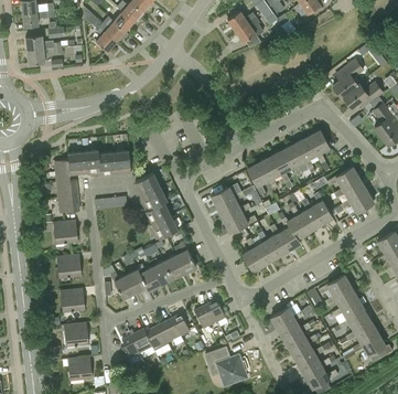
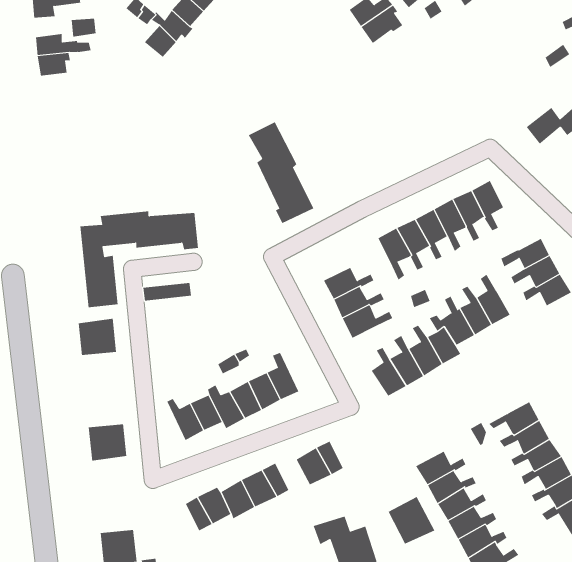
building: [333,58,364,96] -> none
building: [135,173,178,239] -> [248,121,314,224]
building: [56,254,82,278] -> none
building: [63,322,88,345] -> none
building: none -> [388,496,435,545]

